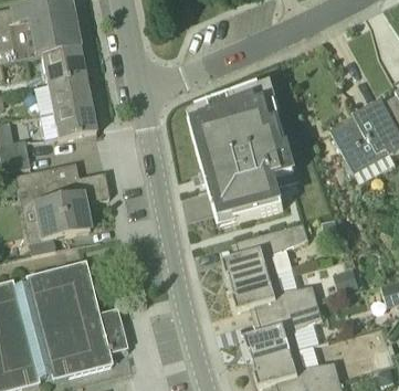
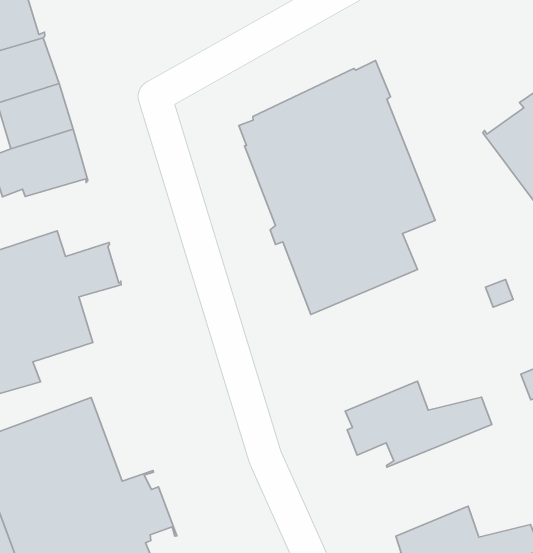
building: [223,222,308,285] -> none
building: [244,302,323,361] -> none

